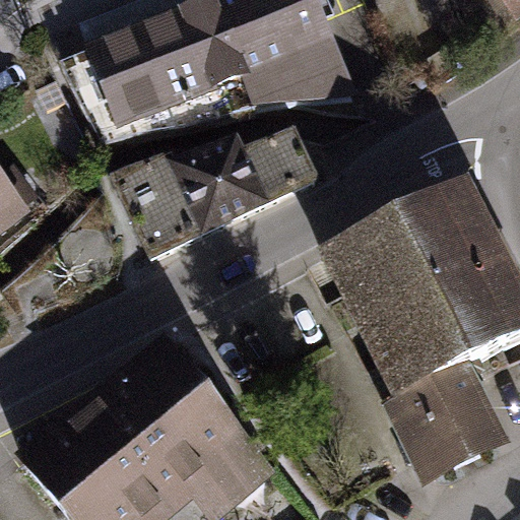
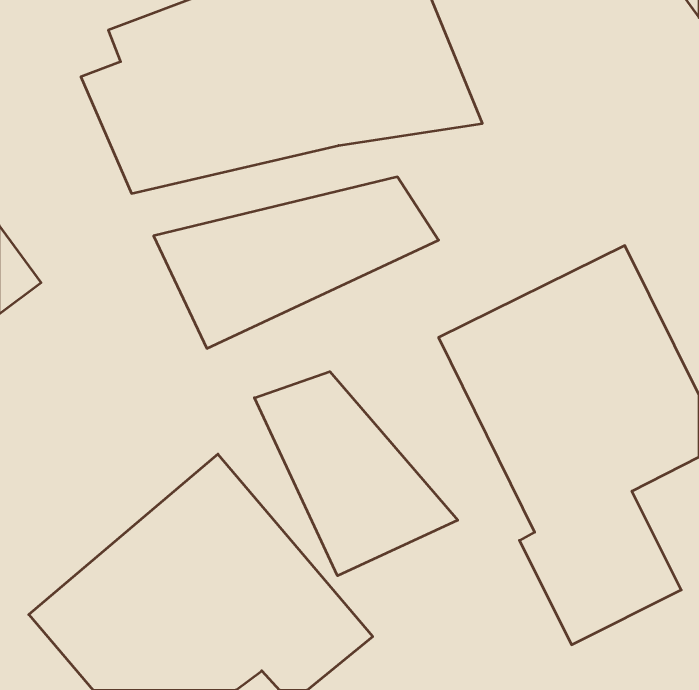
building: none -> [254,372,458,576]

